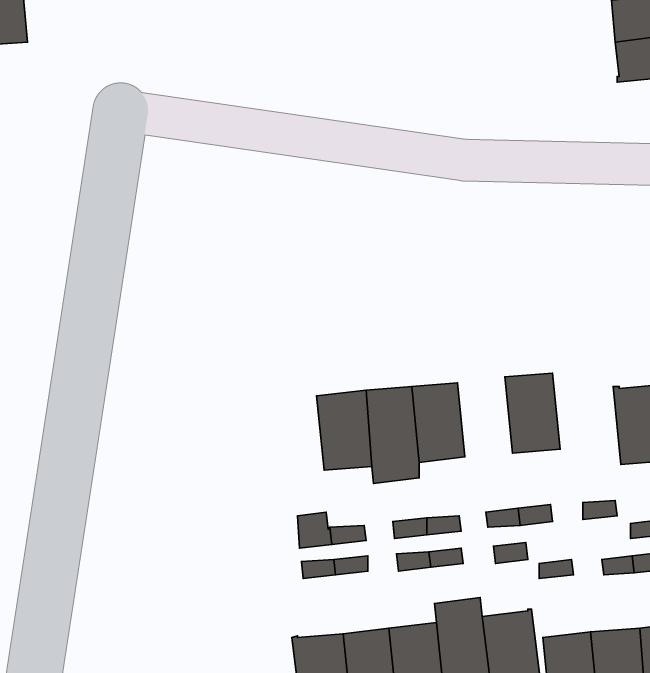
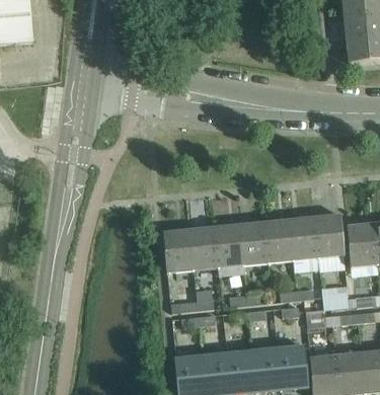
building: none -> [313,213,345,257]
building: none -> [262,219,292,261]
building: none -> [162,229,192,272]

